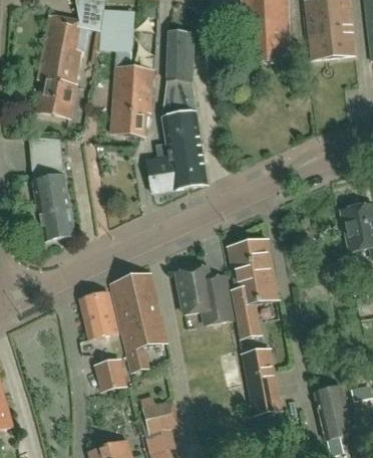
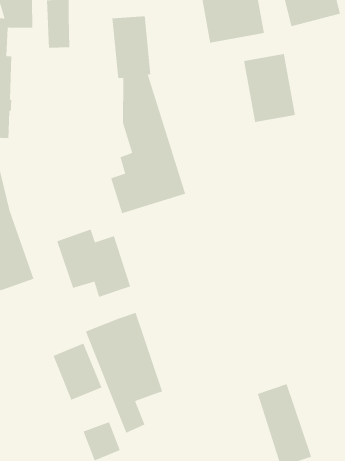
building: [111,50,154,134] -> none
building: none -> [243,53,296,123]
building: [227,236,279,337] -> none
building: [176,266,233,323] -> [56,229,131,298]

